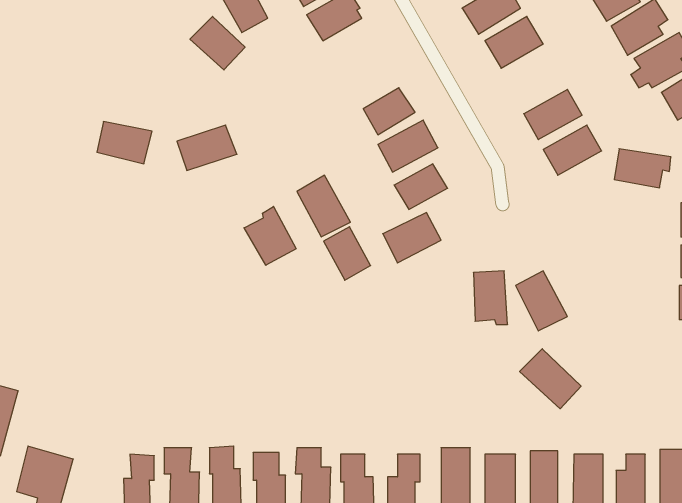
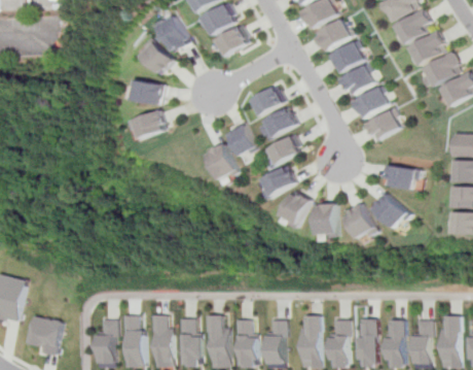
building: none -> [338,65,375,97]
building: [97,122,152,164] -> [132,78,167,105]
building: [614,149,671,188] -> [383,165,419,190]
building: [244,206,296,265] -> none
building: [324,227,371,280] -> [227,123,257,157]
building: none -> [285,191,315,226]
building: [520,349,581,409] -> [371,192,410,230]

